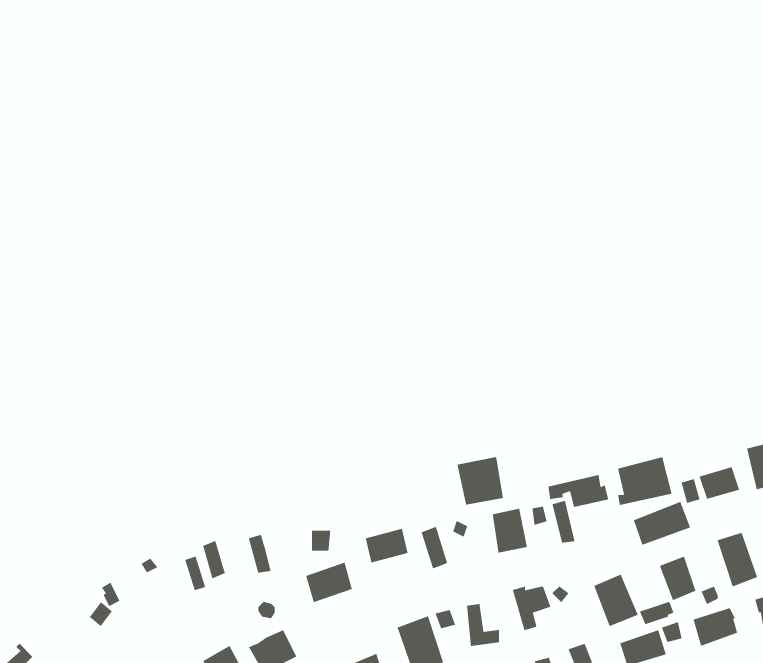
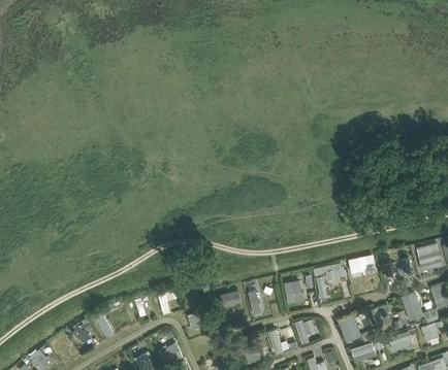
building: [456,456,504,505] -> none
building: [633,501,691,546] -> none

